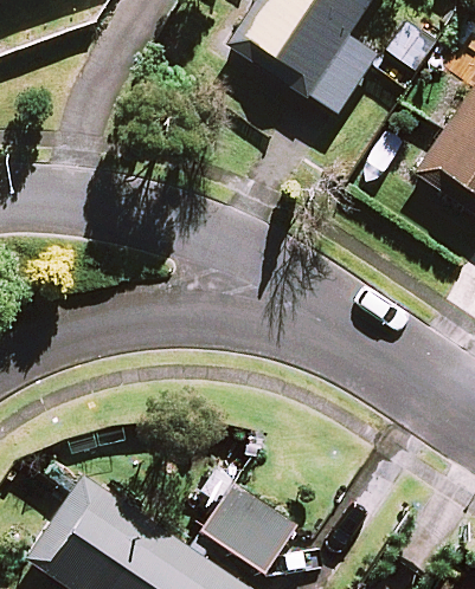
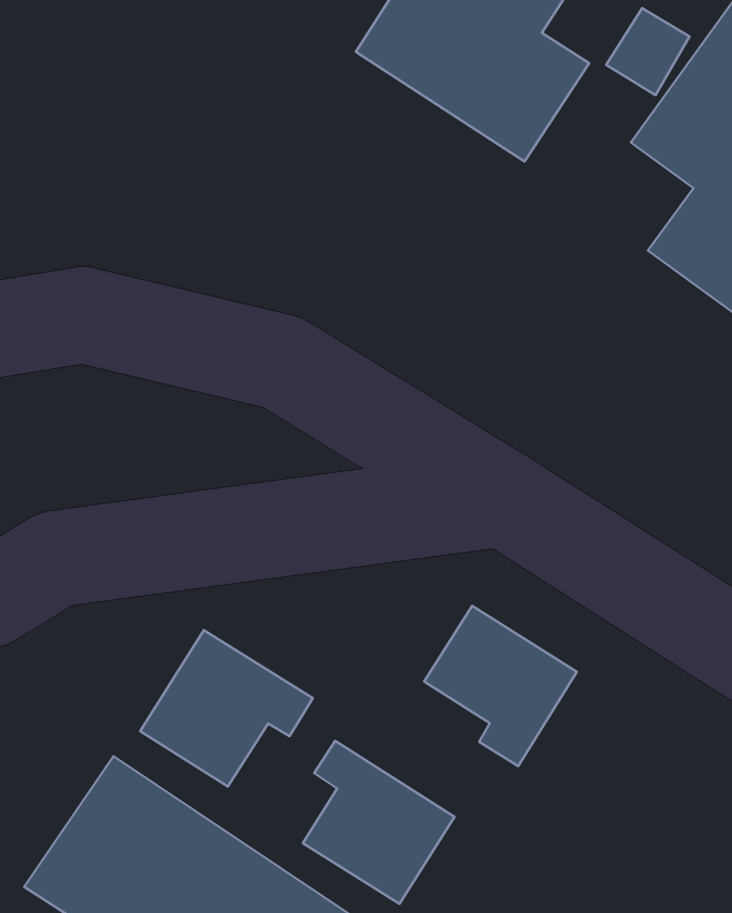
building: none -> [424,606,577,766]
building: none -> [140,630,313,787]

